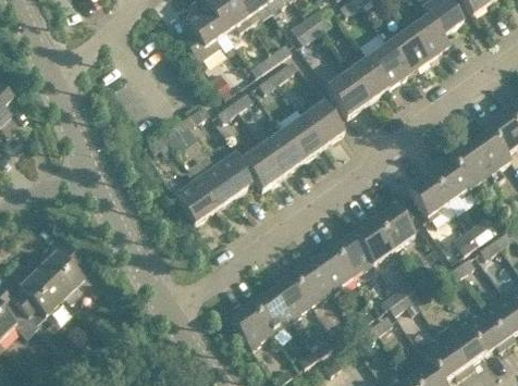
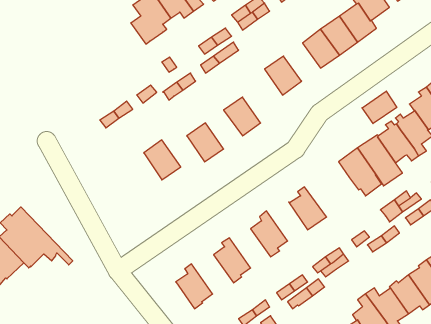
building: [347,60,387,101] -> none
building: [303,103,344,147] -> none
building: none -> [362,91,397,124]
building: [262,133,303,175] -> none
building: [214,151,261,195] -> none
building: [173,179,214,223] -> none
building: [370,206,415,249] -> none
building: [329,233,373,275] -> none
building: [288,262,333,304] -> none
building: [247,290,293,333] -> none

